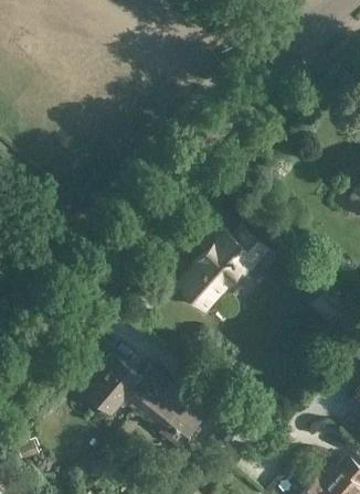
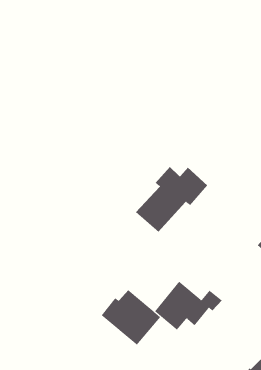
building: [84,357,169,419] -> [154,281,222,331]

